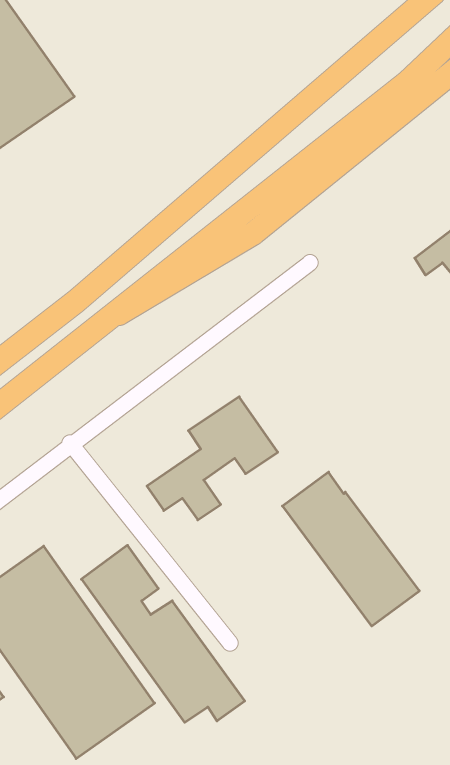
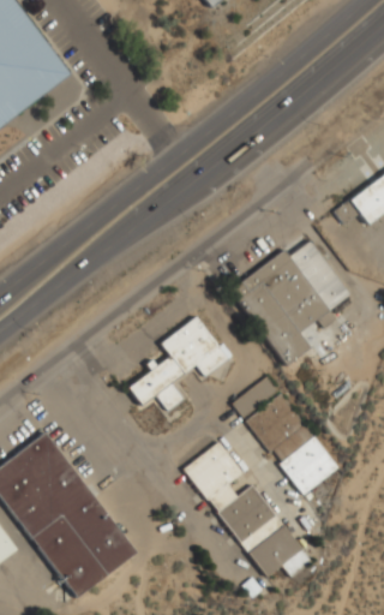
building: none -> [230,240,350,365]
building: [81,545,245,722] -> [184,440,311,578]

